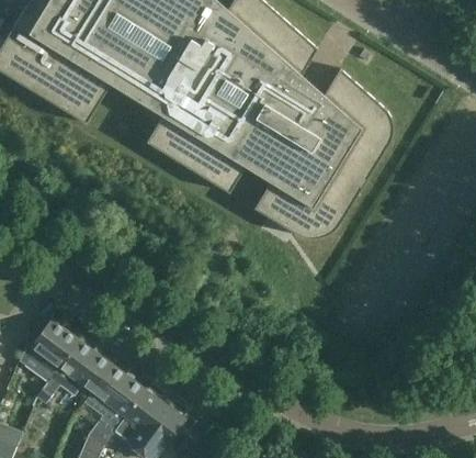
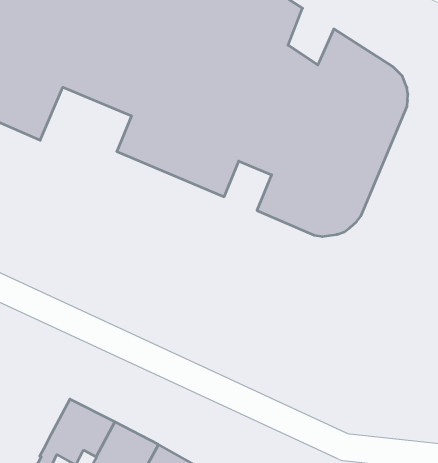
building: [29,316,77,376] -> none

